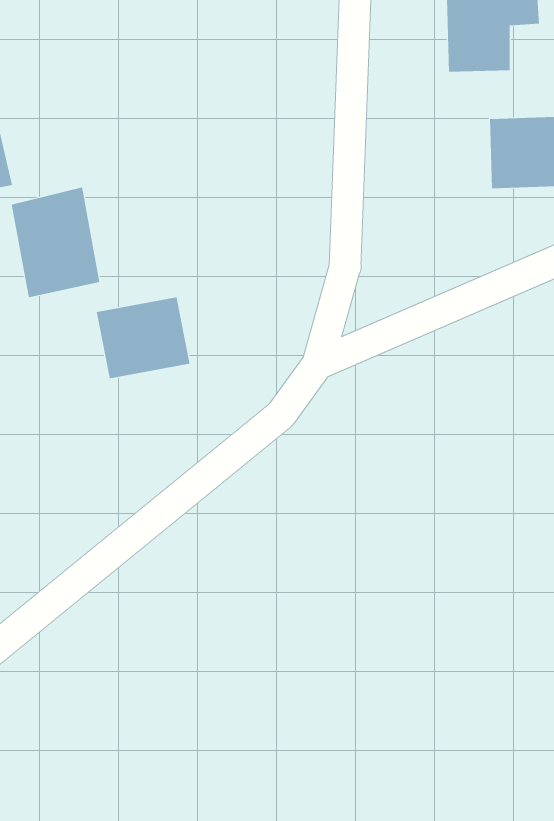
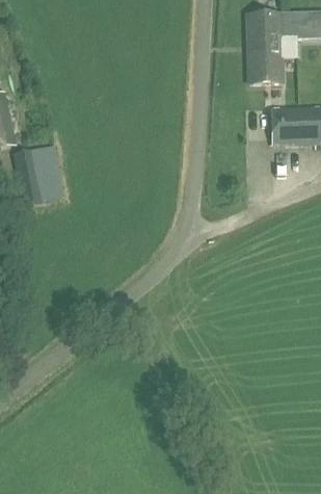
building: [96,296,190,379] -> none

